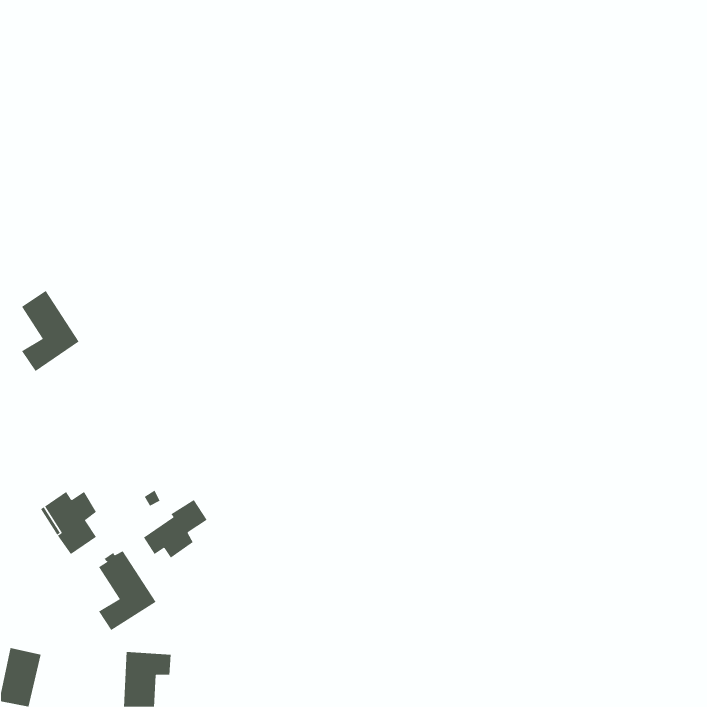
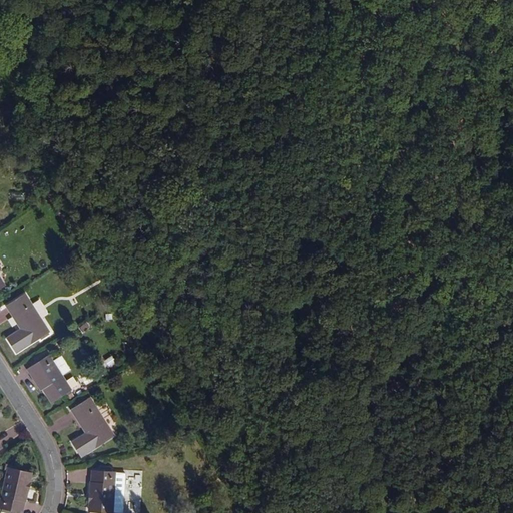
building: [21,290,79,372] -> [6,294,48,353]
building: [143,499,207,558] -> none

